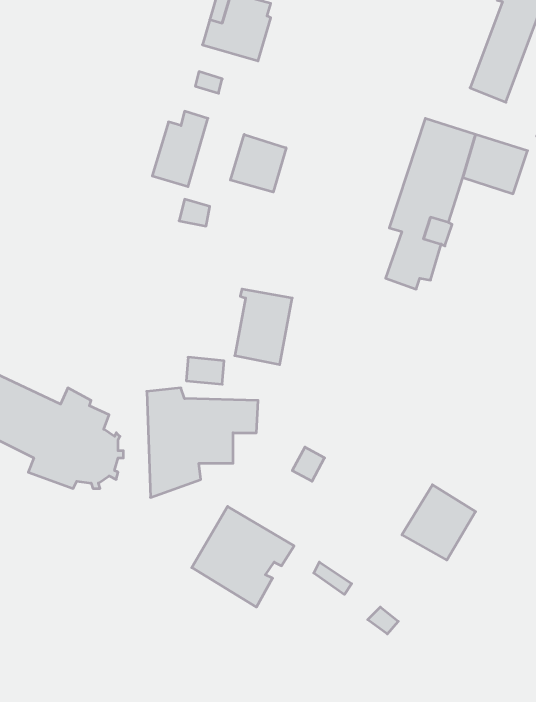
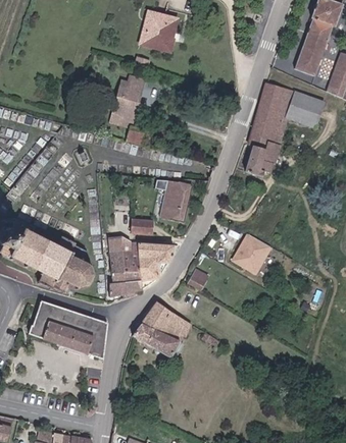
building: [230,134,286,192] -> none
building: [402,485,476,560] -> [231,231,273,274]
building: none -> [30,301,108,358]

